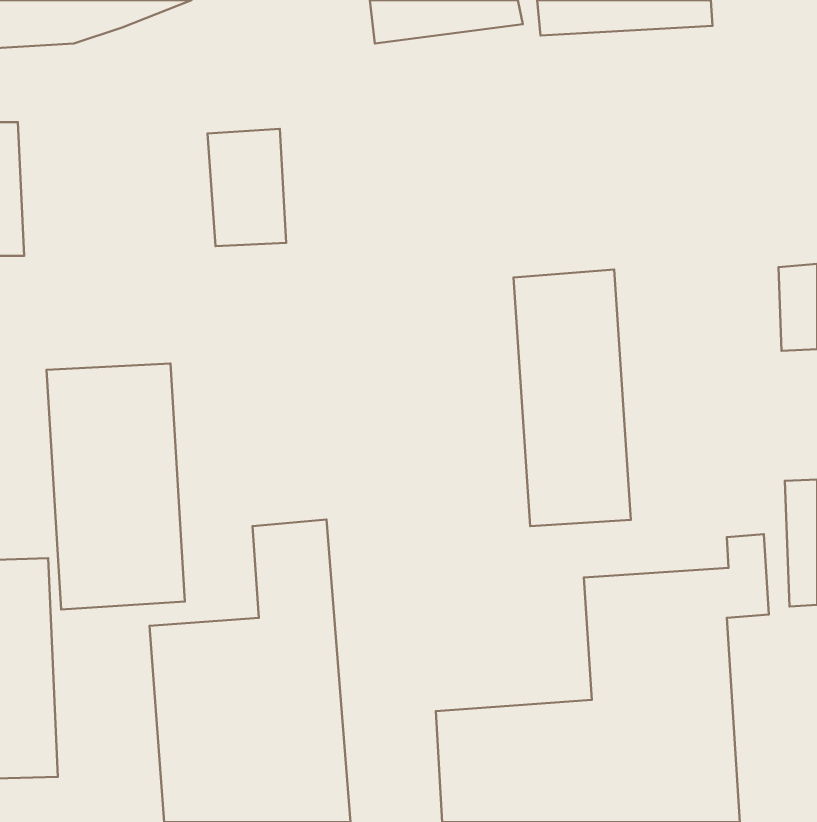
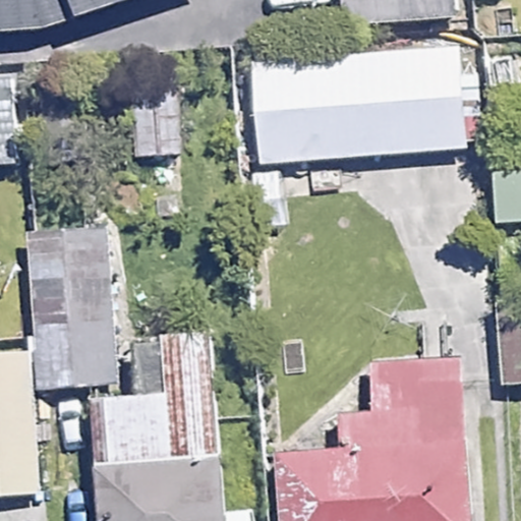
building: none -> [249,47,467,161]
building: [514,270,631,526] -> none

